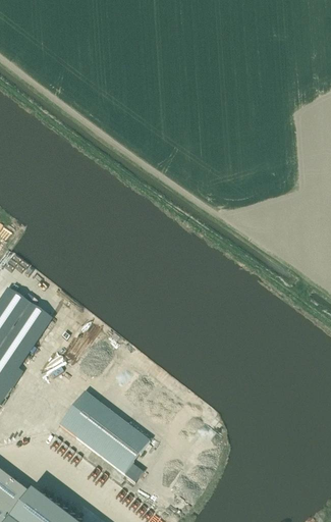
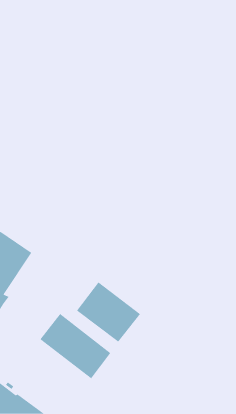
building: none -> [76,281,141,343]

